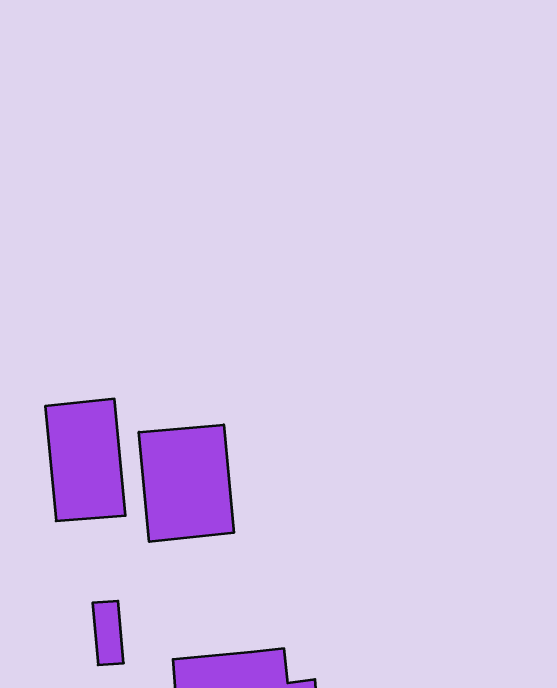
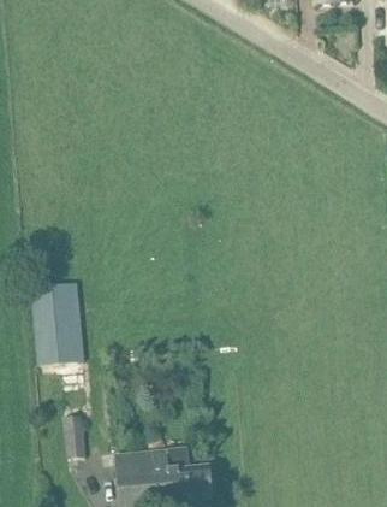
building: [139,425,234,542] -> none

